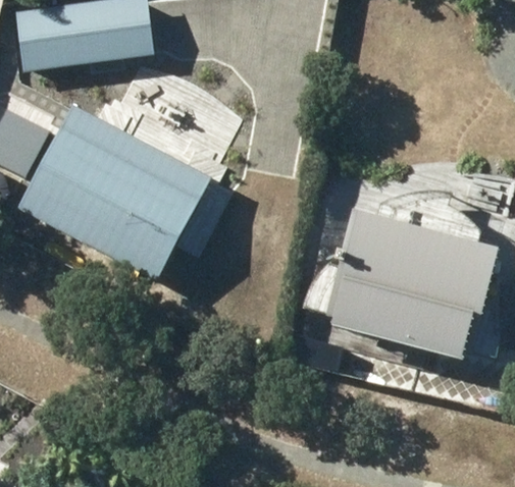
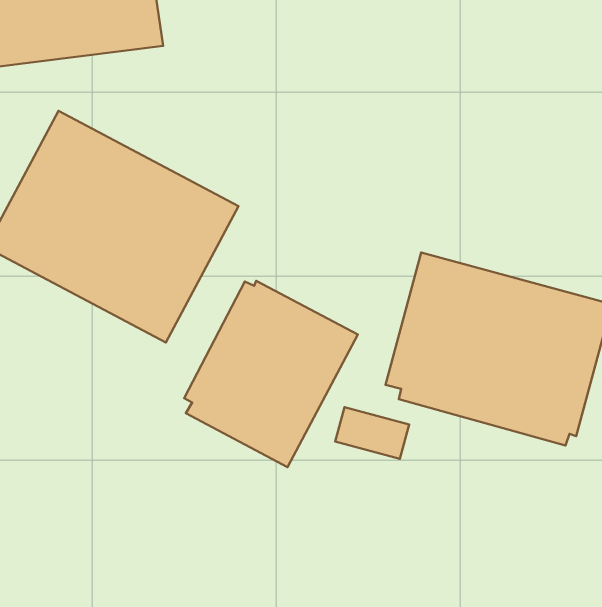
building: none -> [184,281,358,467]

